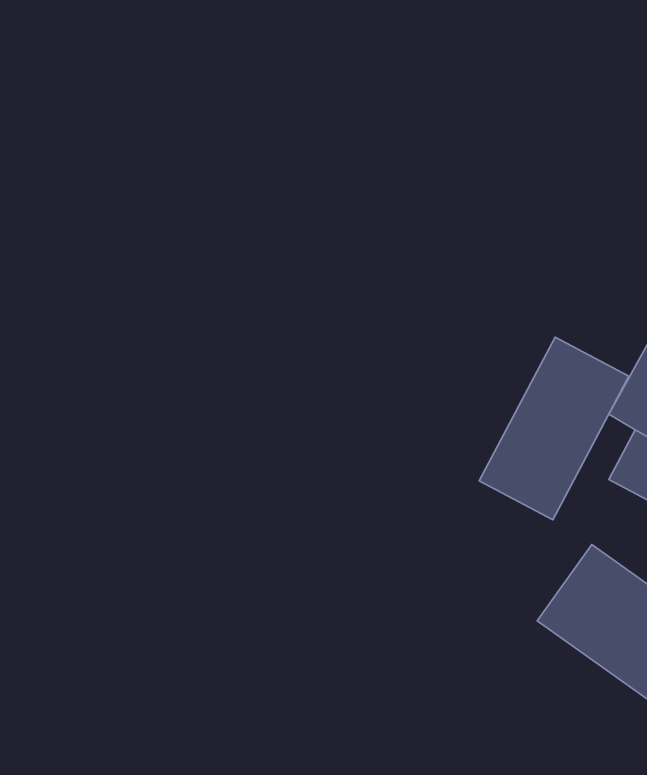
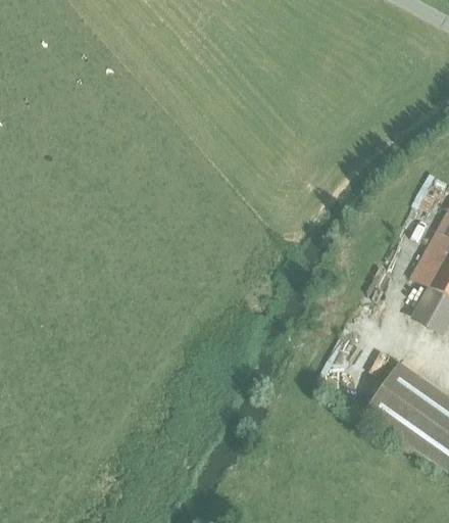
building: [479,337,629,520] -> none

